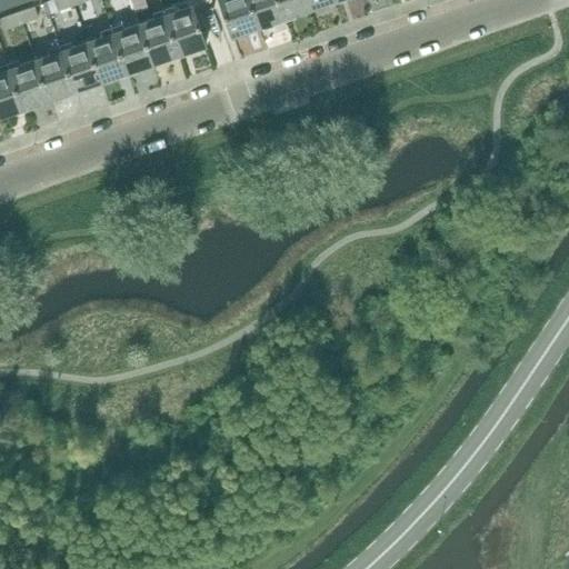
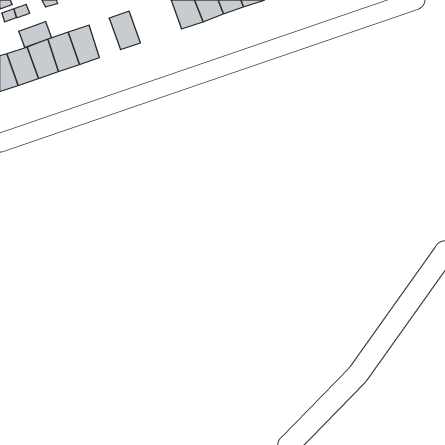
building: [164,6,206,54] -> none
building: [113,23,153,73] -> none
building: none -> [19,21,52,47]

